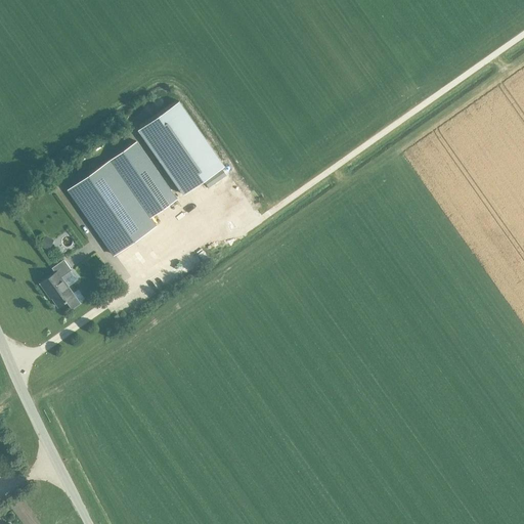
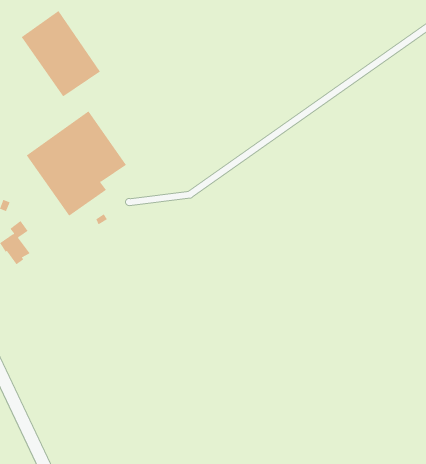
building: [138,101,224,194] -> [21,10,101,97]

